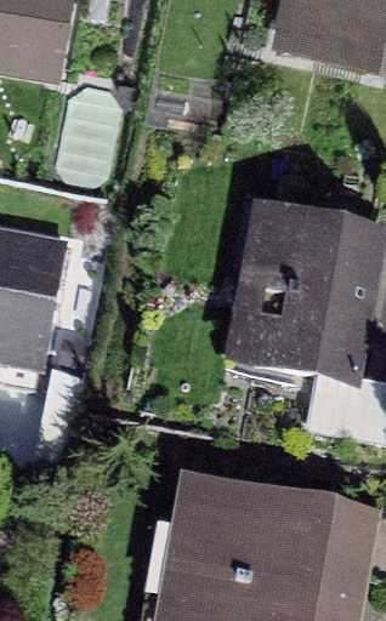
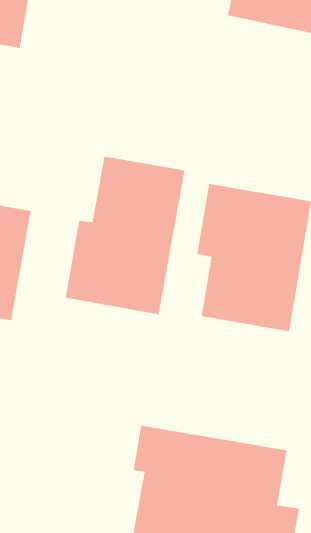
building: none -> [65,156,185,315]

